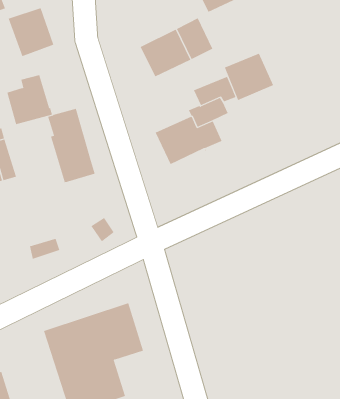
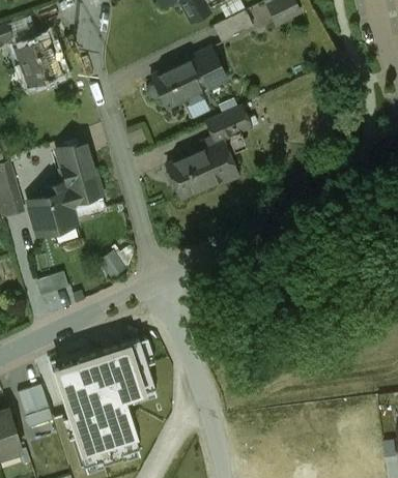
building: [224,53,274,101] -> none
building: [7,74,53,125] -> [29,182,77,234]
building: none -> [19,384,52,422]

